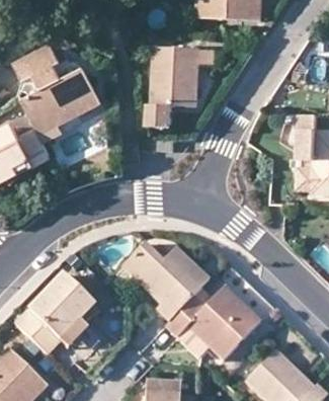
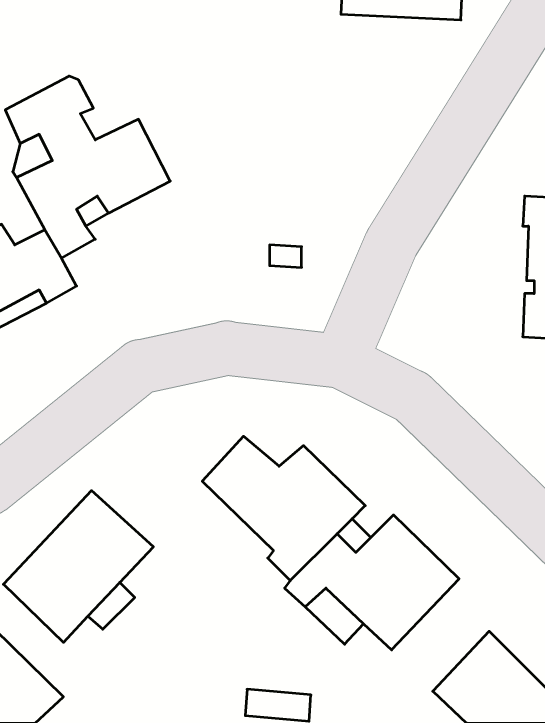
building: [145,51,196,131] -> none

